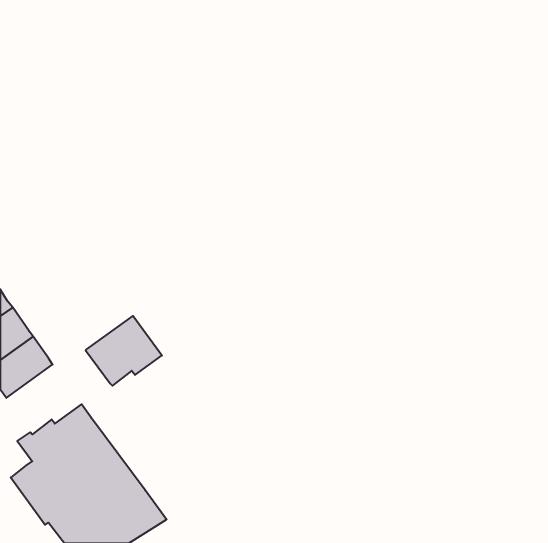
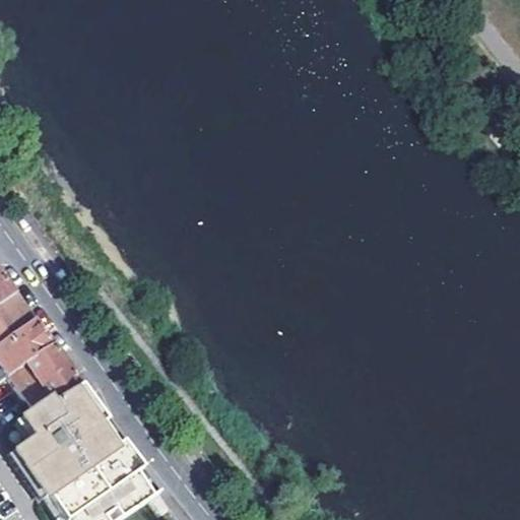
building: [86,316,162,386] -> [6,344,78,410]

